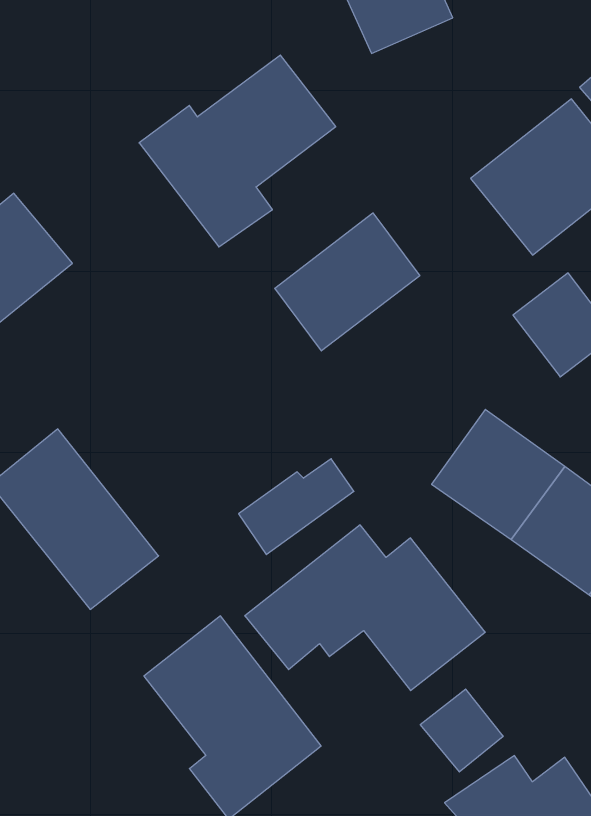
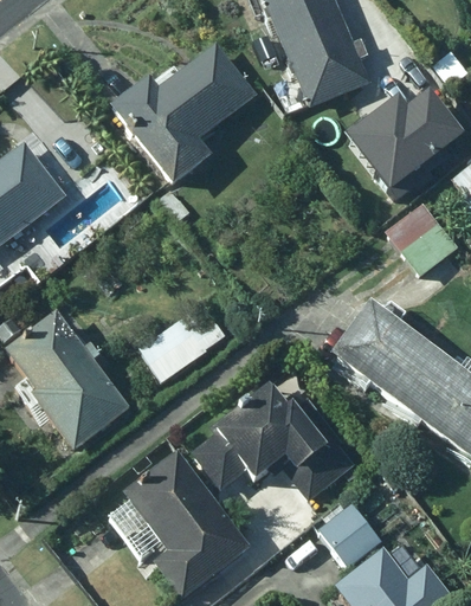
building: none -> [282,14,369,107]
building: [275,213,420,351] -> none
building: [239,459,354,555] -> [138,309,222,379]

